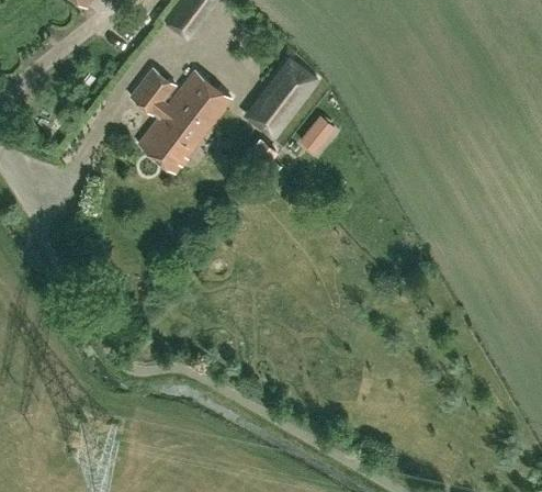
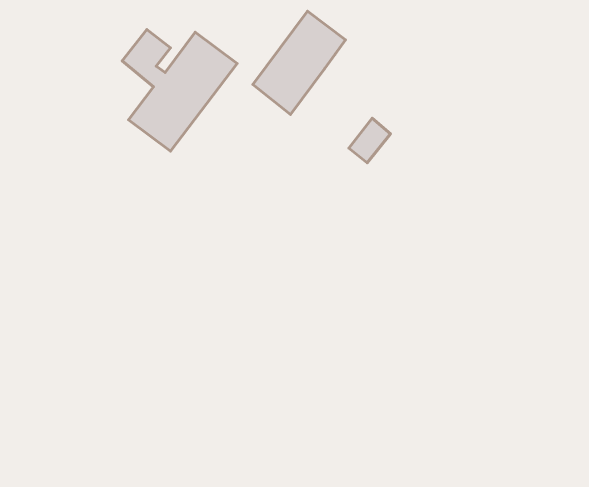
building: [300,115,335,153] -> [349,118,391,163]

